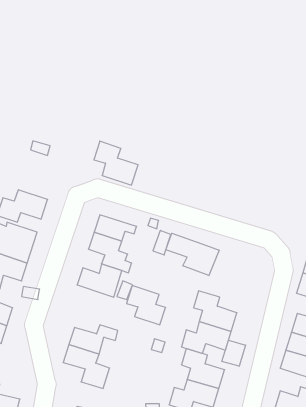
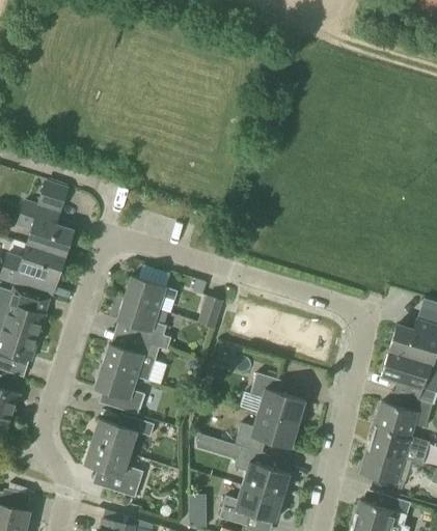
building: [94,141,138,185] -> [17,200,73,256]
building: [166,233,219,276] -> none
building: [127,286,166,325] -> [94,365,144,415]
building: [222,340,246,366] -> none

